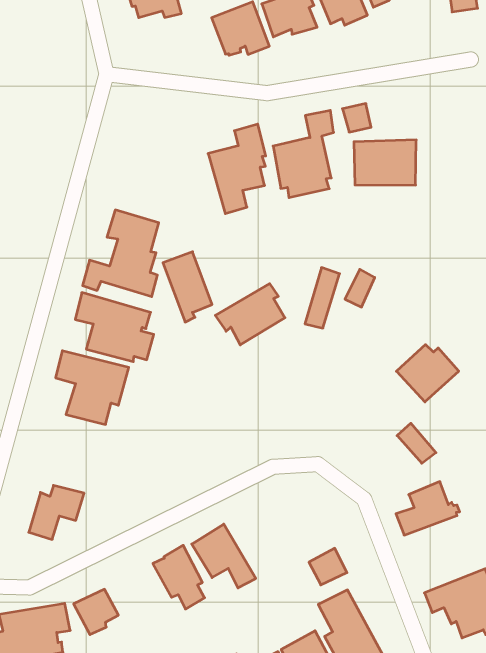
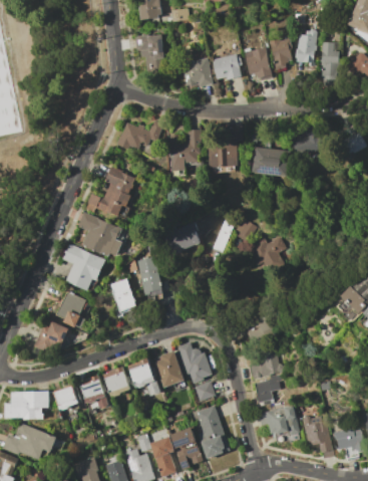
building: none -> [291,125,322,157]
building: none -> [115,122,164,151]
building: [163,252,212,322] -> [136,256,161,296]
building: [396,345,459,402] -> [244,238,280,271]
building: none -> [108,279,136,317]
building: none -> [56,291,91,328]
building: none -> [177,341,212,382]
building: none -> [154,350,187,391]
building: none -> [252,374,284,406]
building: none -> [78,375,109,409]

